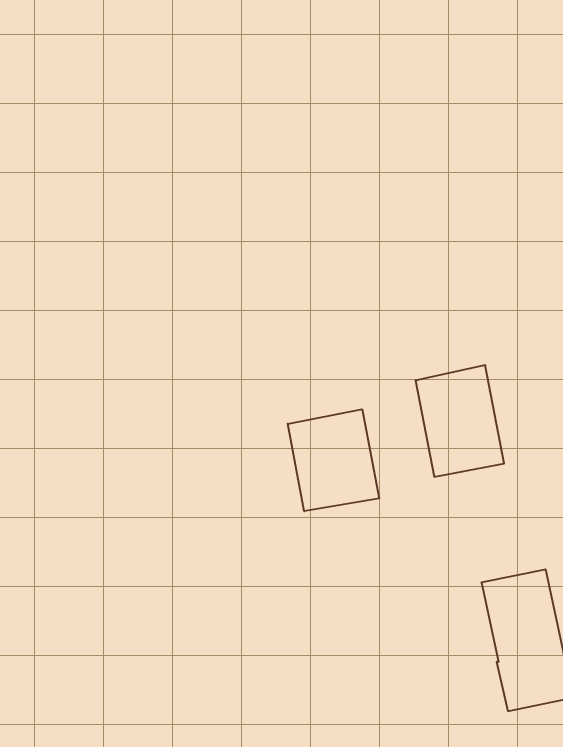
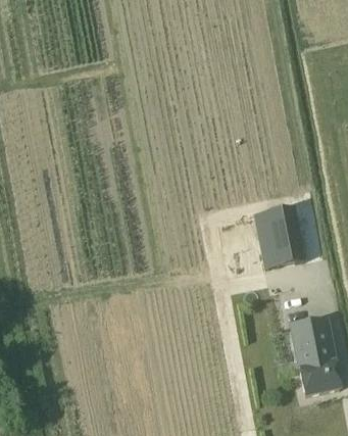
building: [288,409,379,511] -> none

